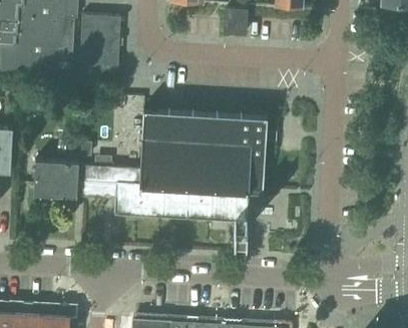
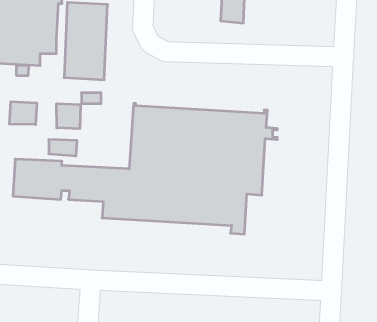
building: none -> [9,102,37,125]
building: none -> [57,104,81,129]

